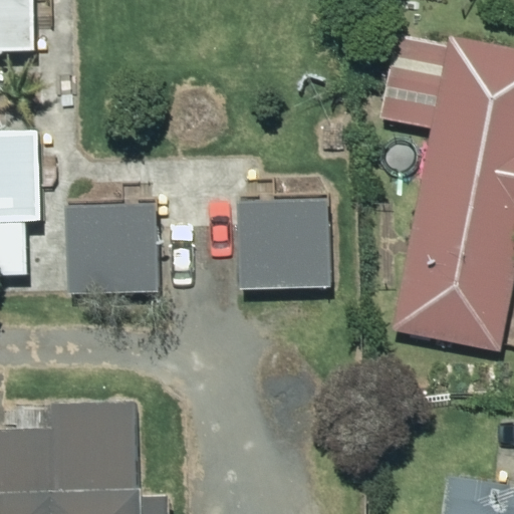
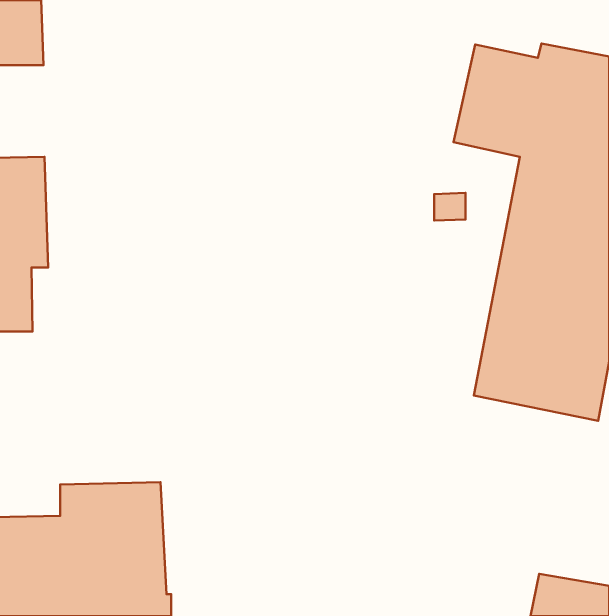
building: [237,201,331,289] -> none
building: [65,207,158,293] -> none

